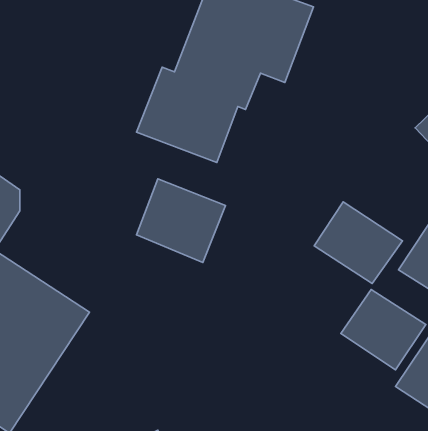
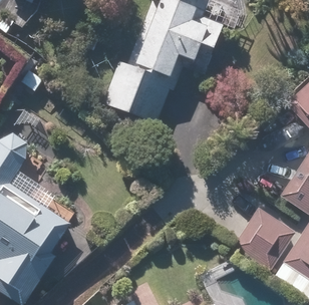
building: [136,179,226,263] -> none
building: [314,202,402,283] -> none

